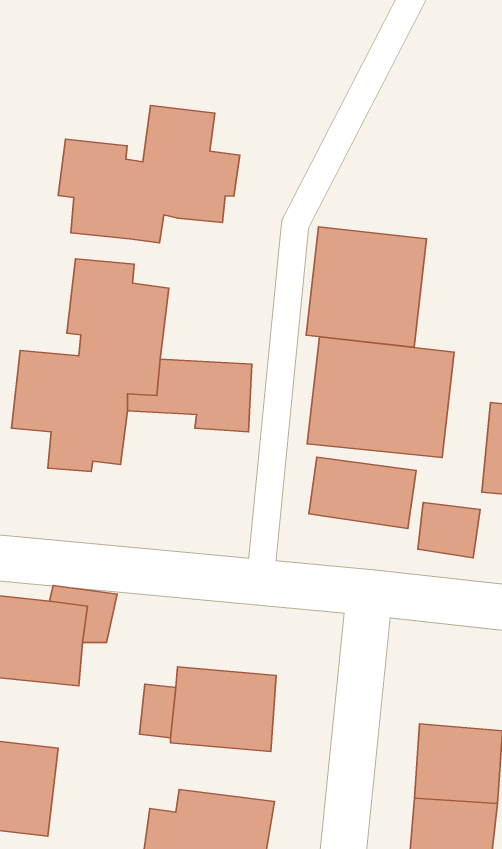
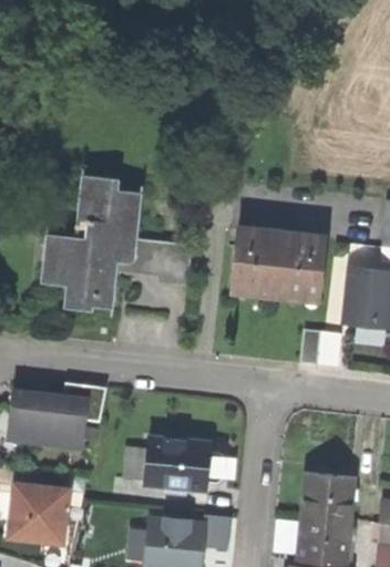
building: [58,106,240,243] -> none
building: [306,227,426,347] -> none
building: [309,457,416,529] -> none

